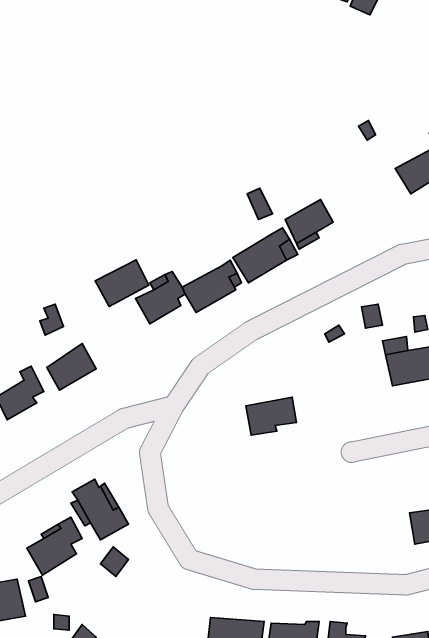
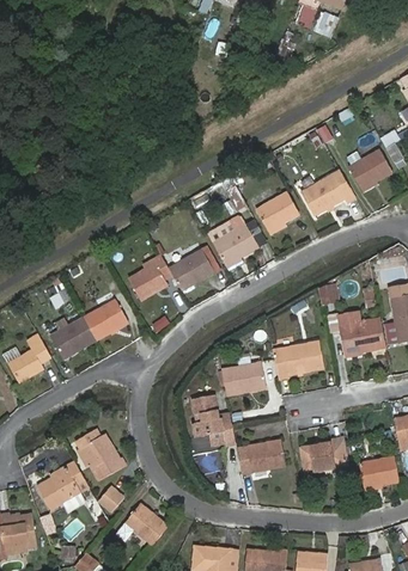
building: none -> [302,171,354,216]
building: [95,260,149,306] -> [84,299,129,338]
building: none -> [273,342,324,375]
building: none -> [194,393,236,443]
building: none -> [245,437,285,469]
building: none -> [302,441,346,471]
building: none -> [124,506,166,546]

